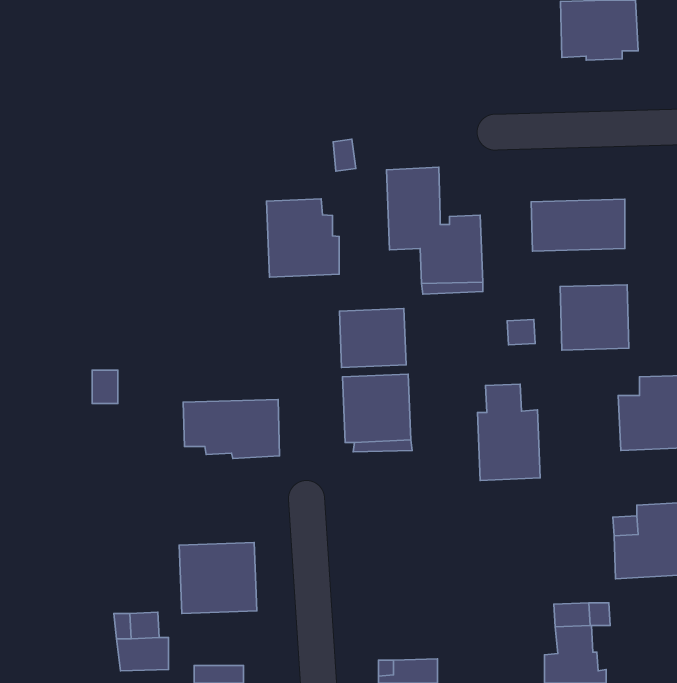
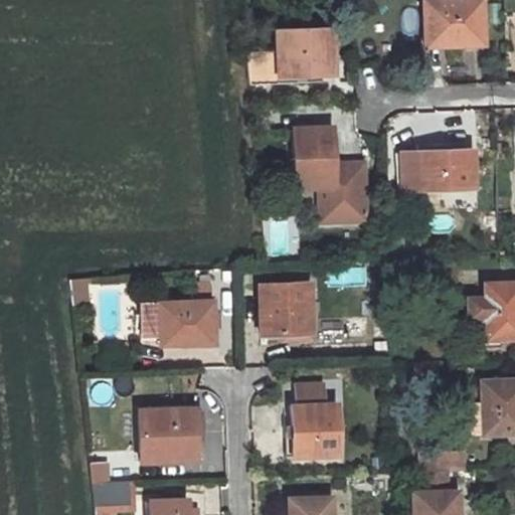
building: none -> [249,28,336,83]
building: [266,199,339,277] -> none
building: [560,285,629,350] -> none
building: [339,309,406,368] -> none
building: [477,384,540,481] -> [294,383,341,456]

